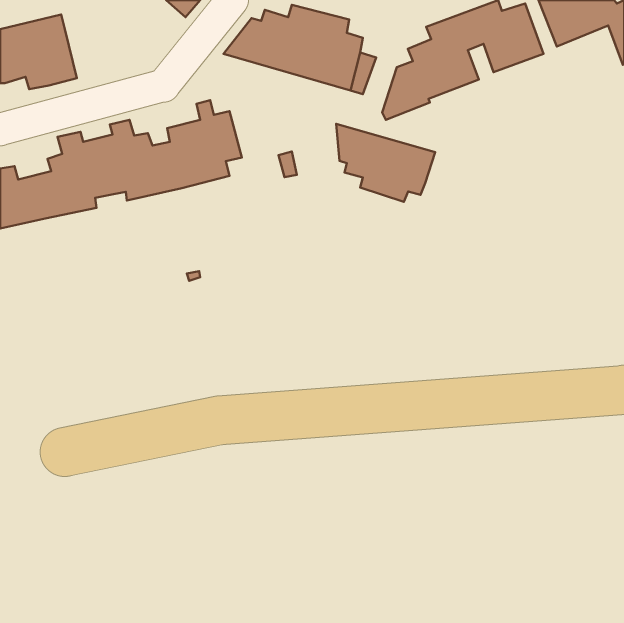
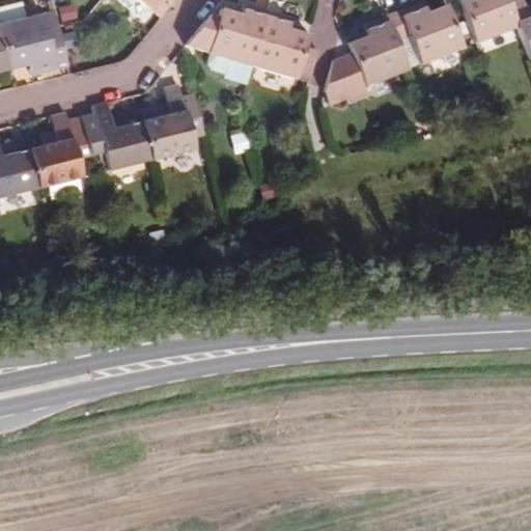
building: [336,124,435,202] -> none

